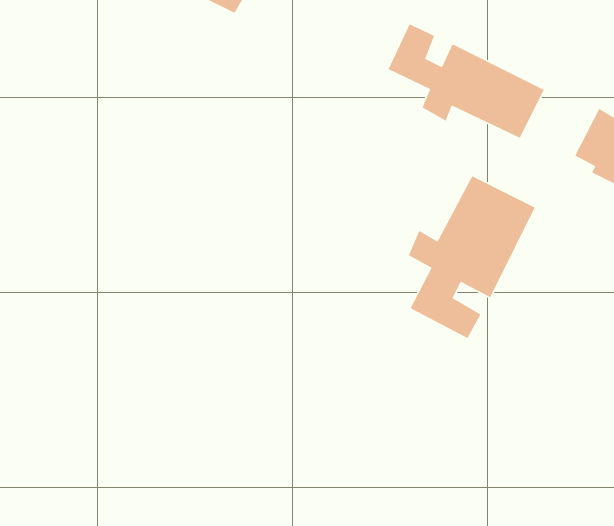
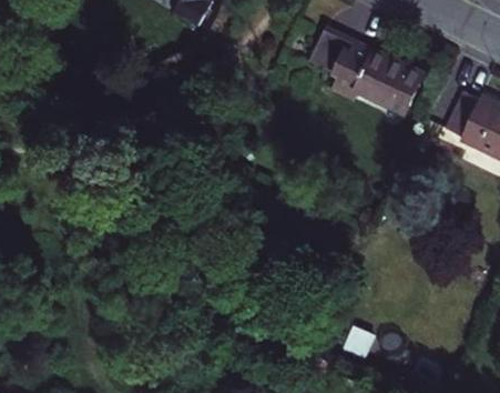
building: [408,175,536,339] -> none

